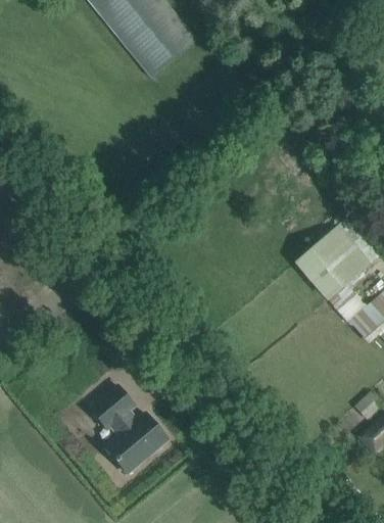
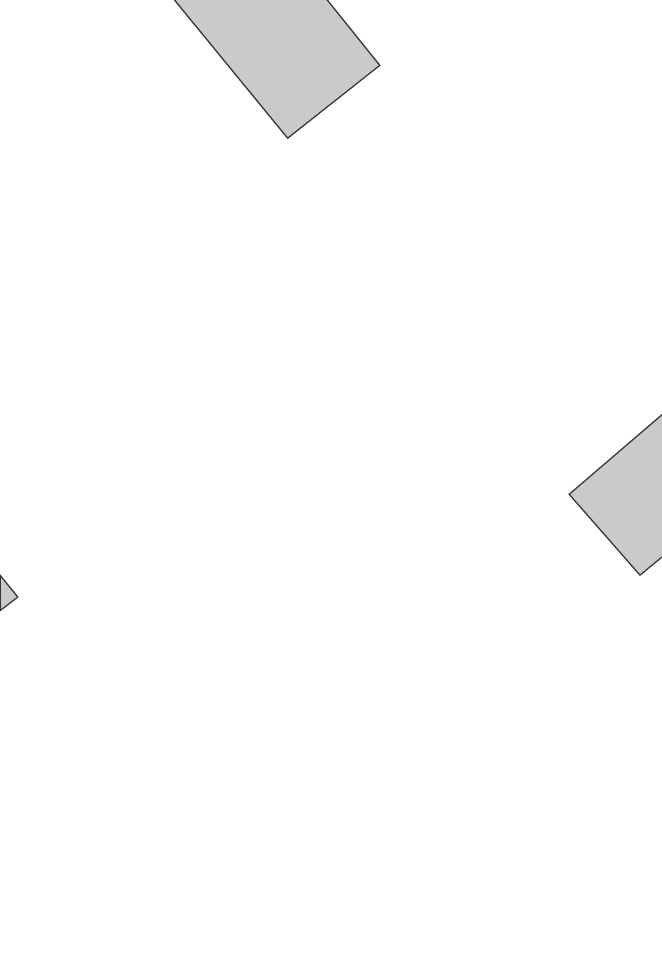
building: [90,384,167,473] -> none

